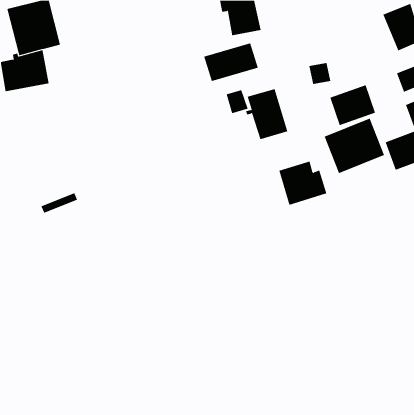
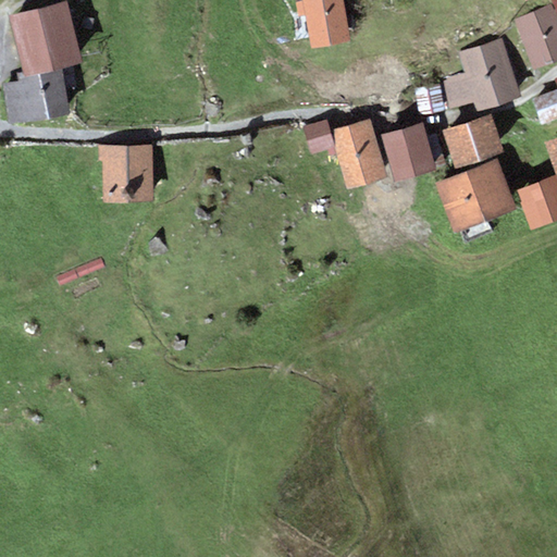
building: none -> [441,37,522,110]
building: [204,43,258,82] -> none
building: none -> [98,143,154,200]
building: [278,161,327,206] -> [381,121,446,181]

